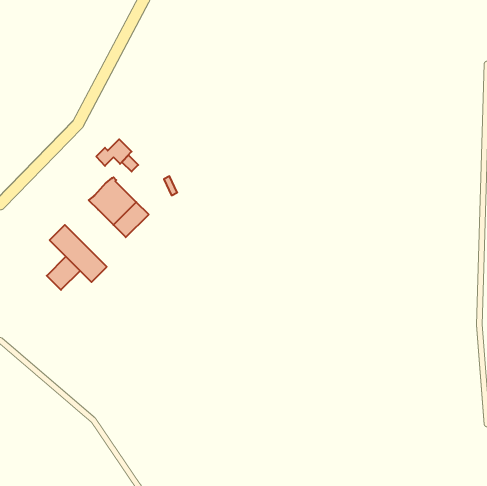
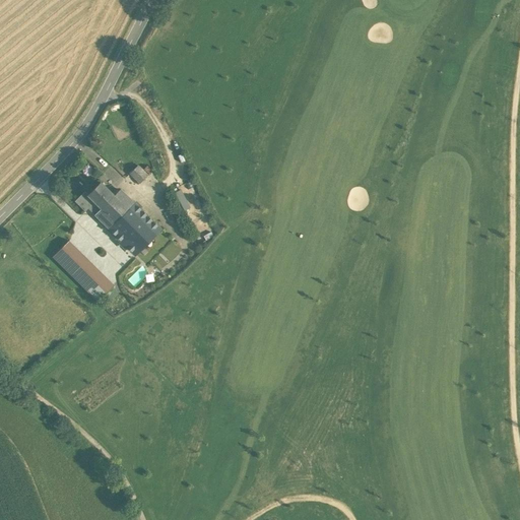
building: [96,139,132,166] -> [75,182,113,210]
building: [47,257,80,290] -> none

